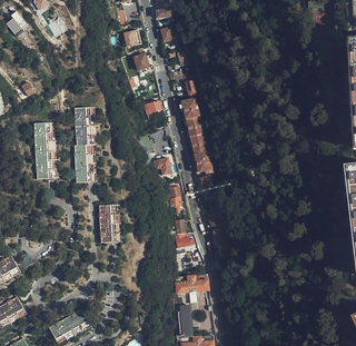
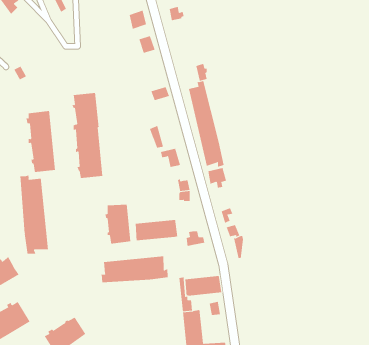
building: none -> [20,175,48,255]
building: none -> [135,219,178,241]
building: none -> [101,256,168,283]

